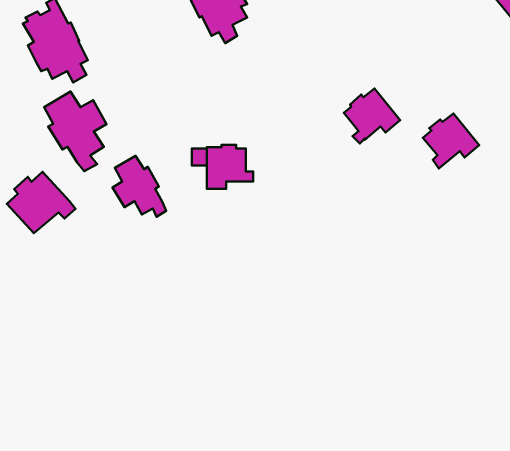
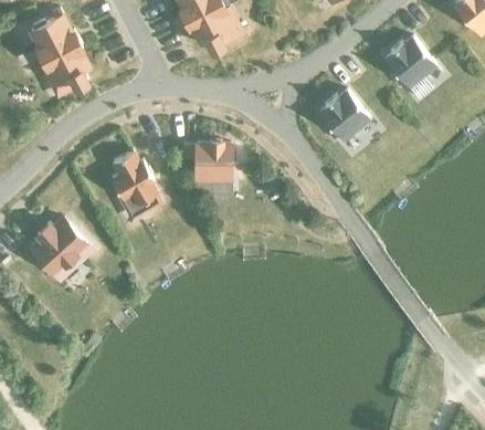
building: [44,92,107,171] -> none
building: [423,113,479,168] -> [384,39,435,88]
building: [7,172,76,233] -> [30,220,92,275]

